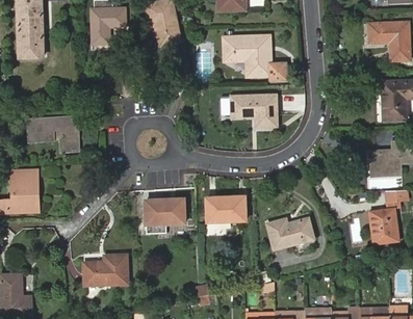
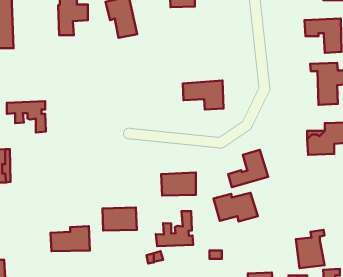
building: [225,35,282,84] -> none
building: none -> [228,150,268,187]
building: [146,198,184,224] -> [102,207,137,231]
building: [368,202,401,244] -> [296,230,325,268]
building: none -> [156,211,193,246]

